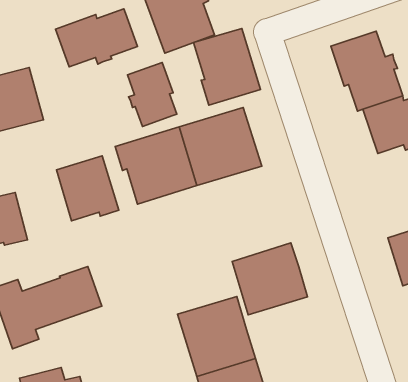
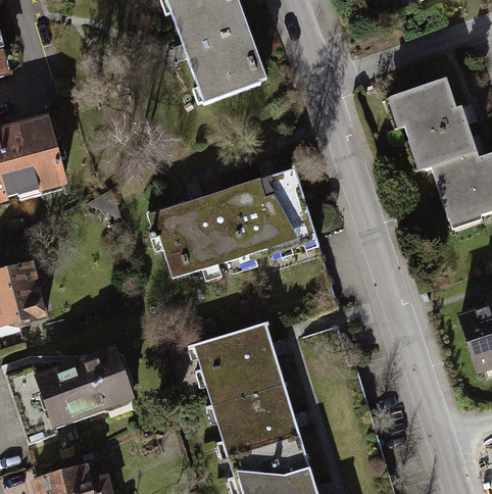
building: [56,9,137,67] -> none
building: [194,28,261,105] -> none
building: [128,63,177,127] -> none
building: [56,156,119,221] -> none
building: [232,243,308,315] -> [199,323,286,405]

